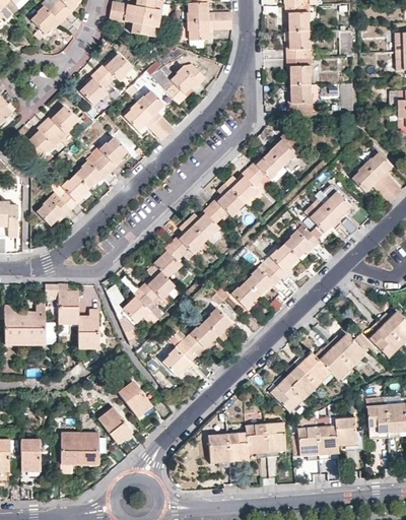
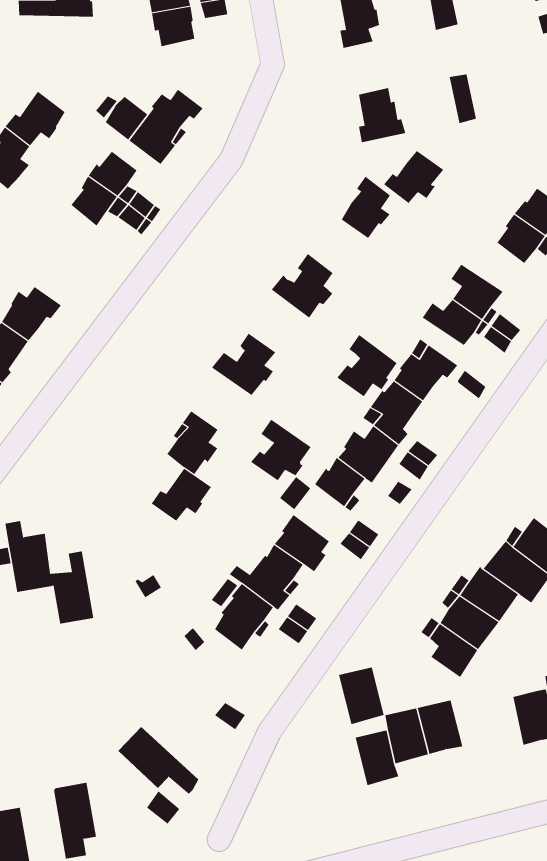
building: [113,10,155,37] -> none
building: [287,58,311,85] -> none
building: [97,137,128,172] -> none
building: [249,151,283,180] -> [383,150,444,204]
building: [209,183,244,217] -> [336,334,398,397]
building: [171,219,205,254] -> [250,419,311,481]
building: [123,287,152,321] -> none
building: [119,382,152,417] -> none
building: [291,427,320,459] -> none
building: [79,433,98,463] -> none
building: [209,434,230,463] -> [338,667,385,725]

